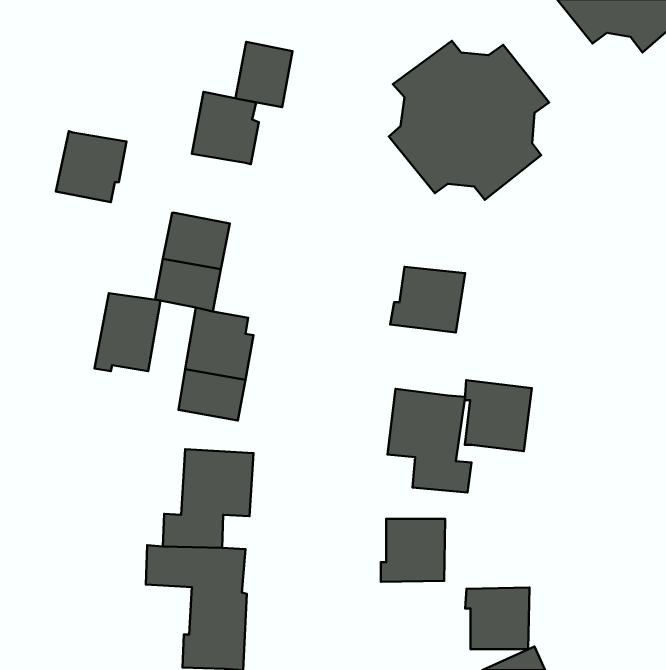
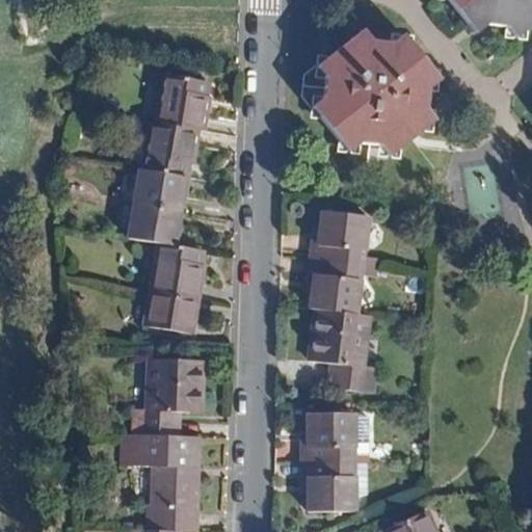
building: [236,42,292,107] -> none
building: [56,131,127,202] -> [142,121,198,177]
building: [95,293,160,371] -> none
building: [465,380,532,451] -> [312,257,365,313]
building: [465,587,530,649] -> [304,459,355,508]

